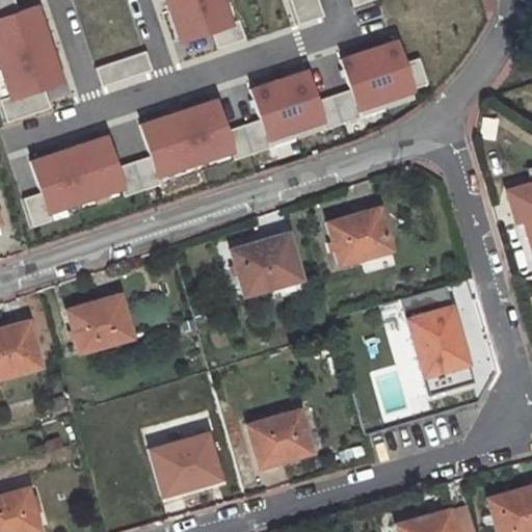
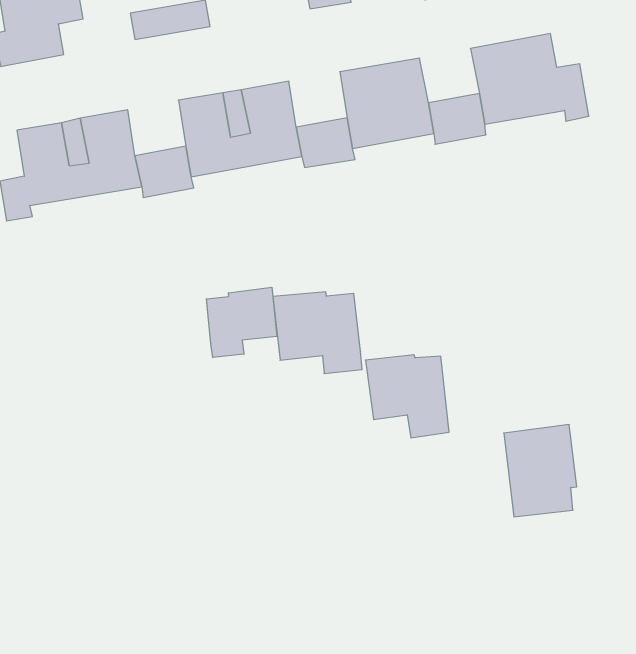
building: [325,213,392,273] -> [365,355,449,438]
building: none -> [206,287,277,358]
building: [65,300,130,351] -> none
building: [247,406,310,459] -> none
building: [152,430,218,486] -> none

